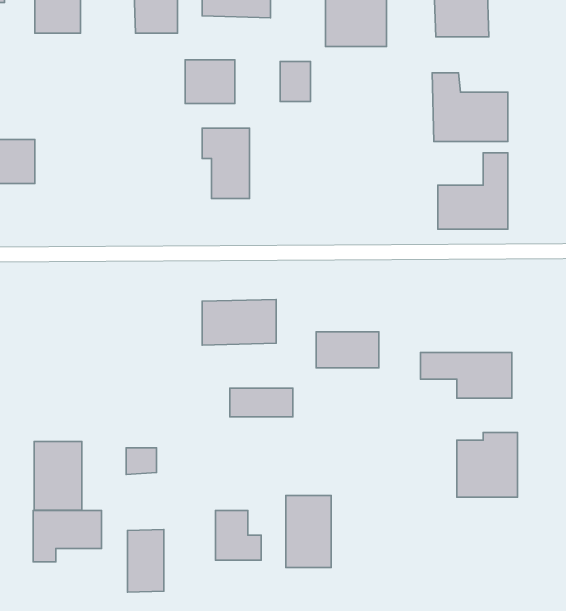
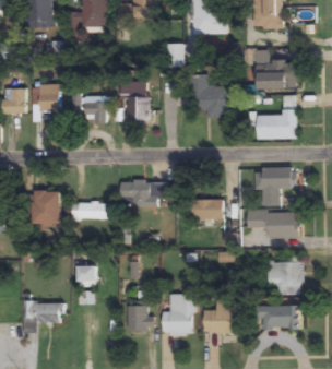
building: [185,60,235,104] -> [83,97,111,122]
building: none -> [194,75,227,116]
building: none -> [38,84,59,110]
building: none -> [254,167,292,206]
building: [230,388,293,417] -> [75,202,111,218]
building: [34,442,82,510] -> [32,189,59,228]
building: none -> [203,298,233,332]
building: none -> [261,305,298,329]
building: [128,530,164,592] -> none

